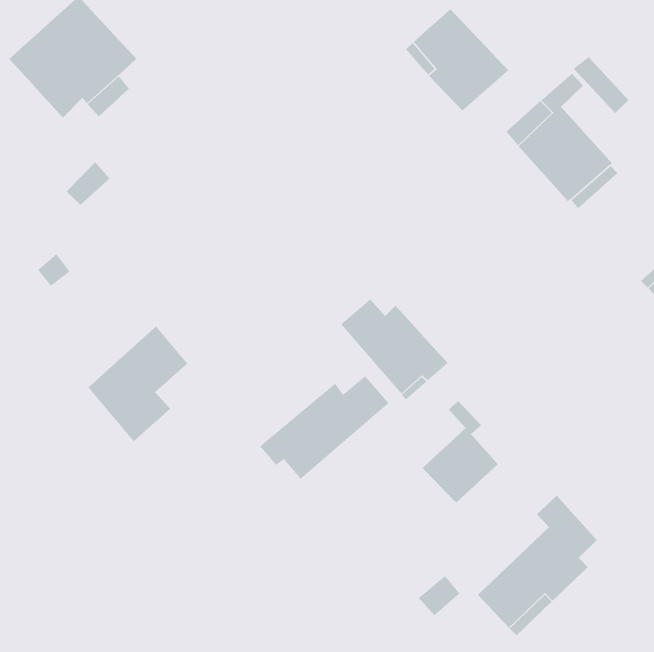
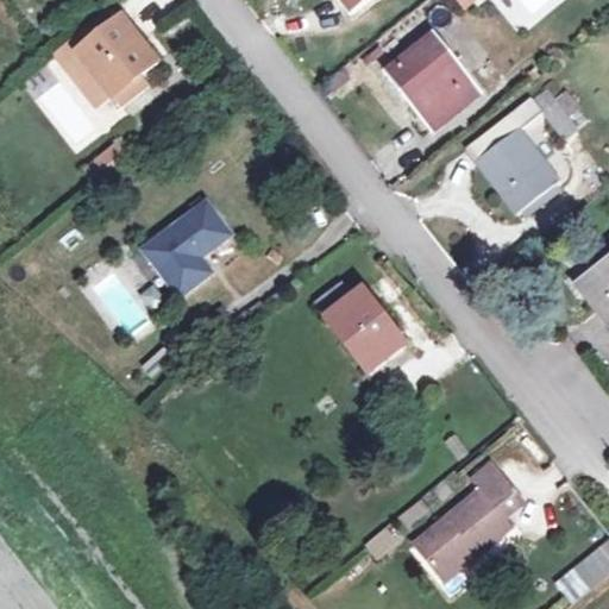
building: [88,326,188,442] -> [143,199,231,297]
building: [259,375,389,480] -> none
building: [422,400,499,503] -> none

